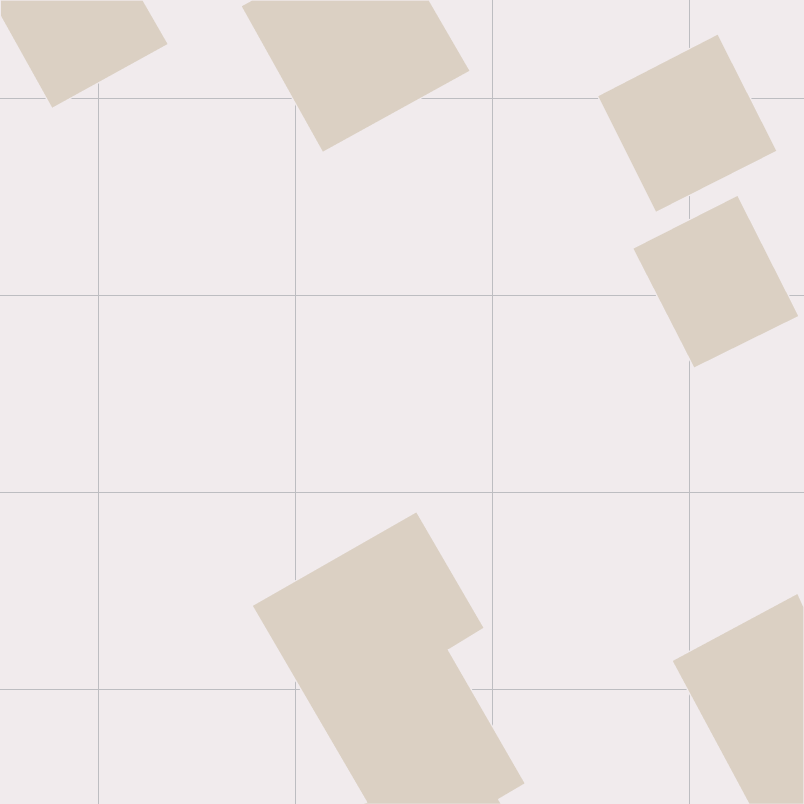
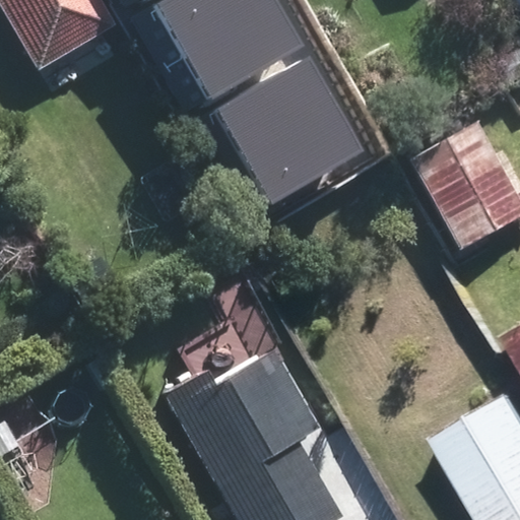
building: [598,34,777,213] -> none
building: none -> [220,58,367,203]

